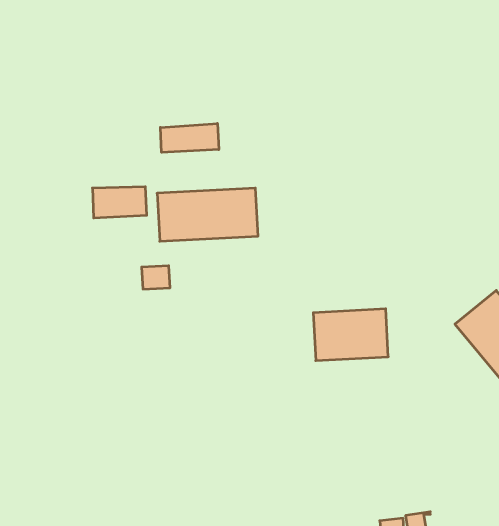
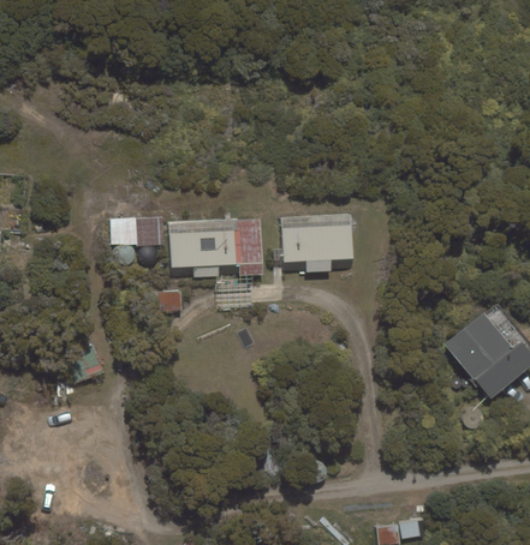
building: [160,123,219,152] -> none
building: [313,309,388,361] -> [282,215,352,263]

